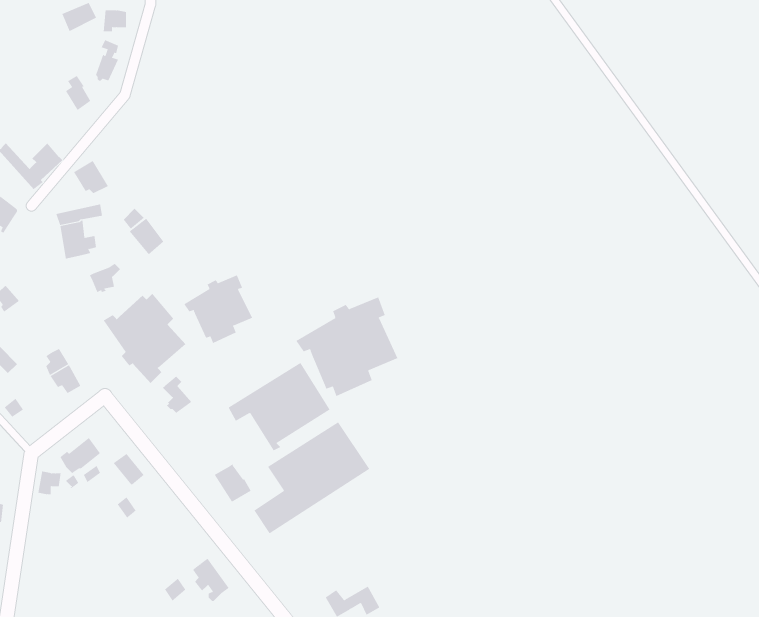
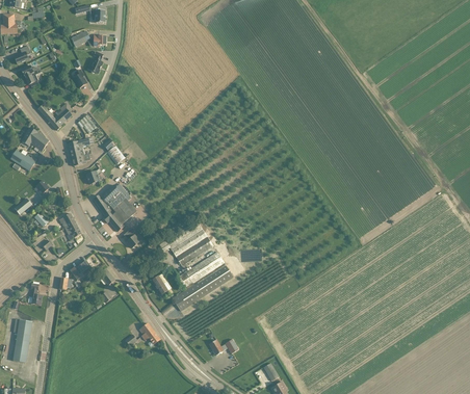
building: [183,275,253,344] -> none
building: [296,296,398,397] -> none

